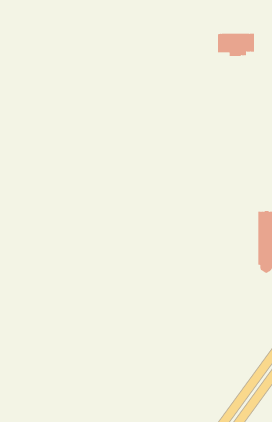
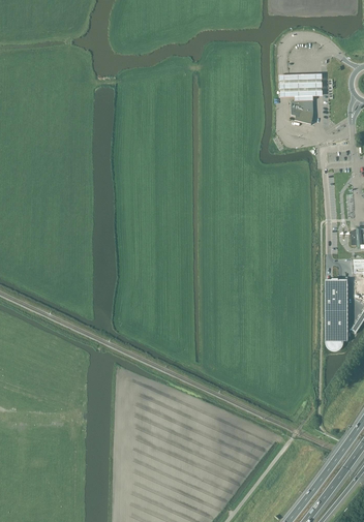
building: none -> [291,99,312,123]

